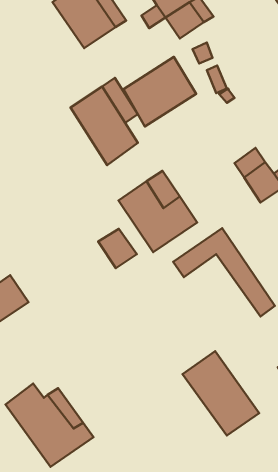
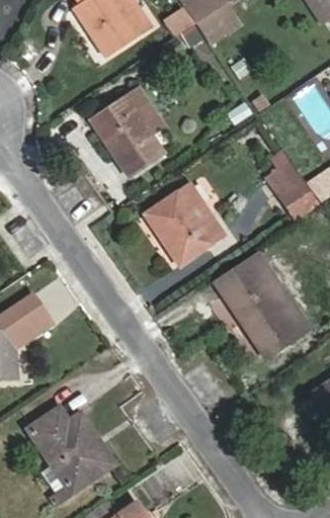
building: [123,57,196,126] -> none
building: [98,229,137,268] -> none
building: [183,351,259,435] -> [214,271,295,360]

